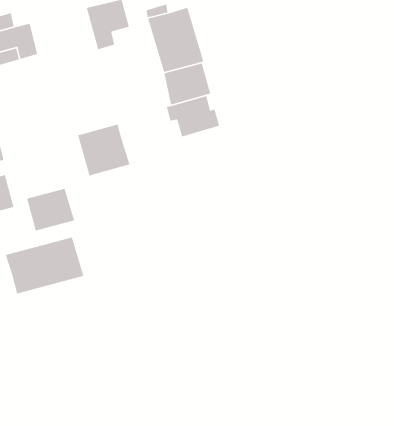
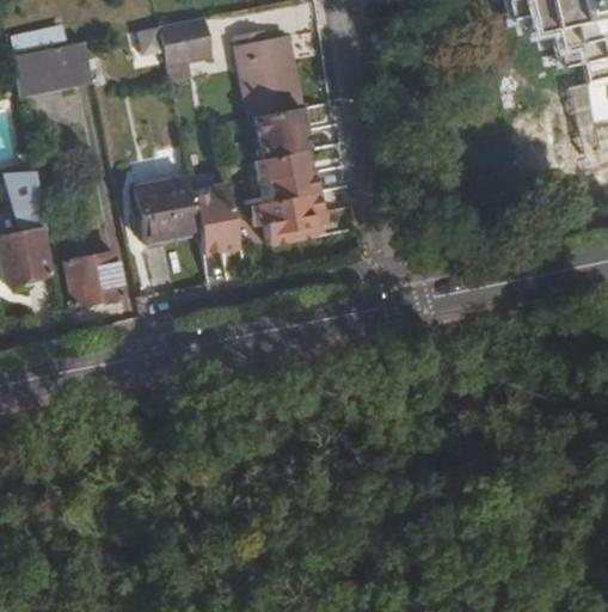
building: none -> [191,180,240,253]
building: none -> [250,189,323,241]
building: [5,236,84,294] -> none

